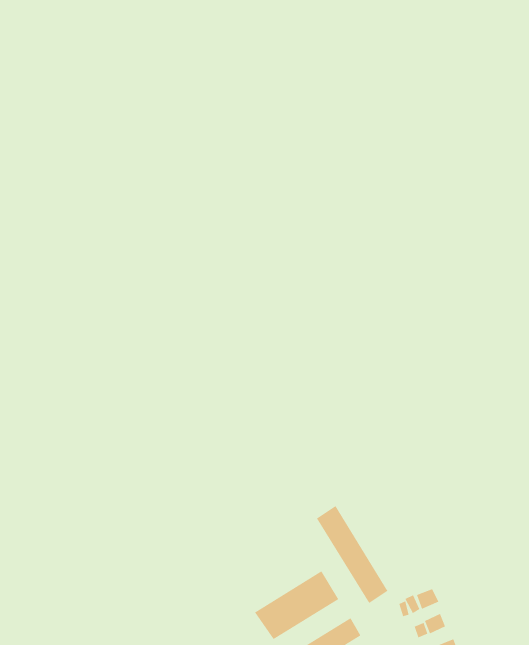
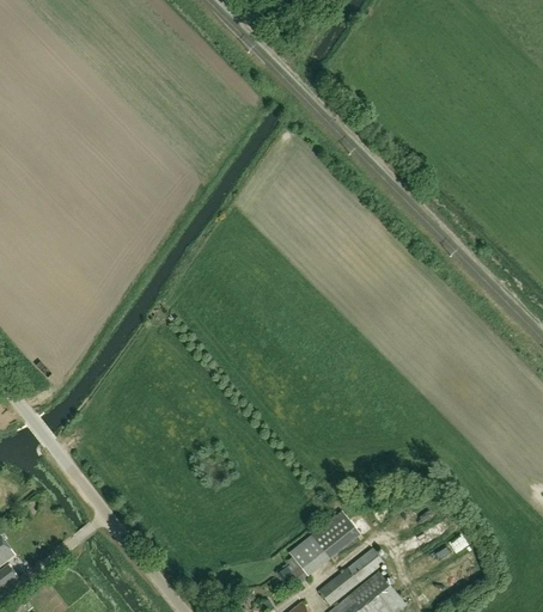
building: [316,505,388,604] -> none

